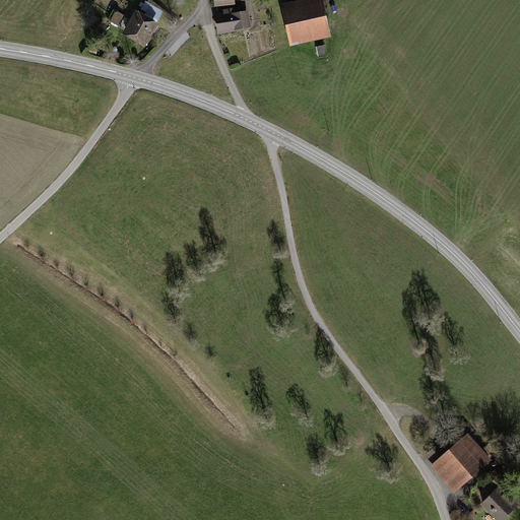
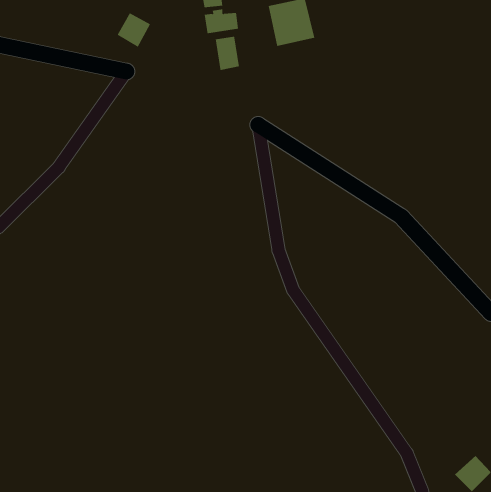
building: none -> [215,36,240,71]
building: [431,431,488,486] -> none

